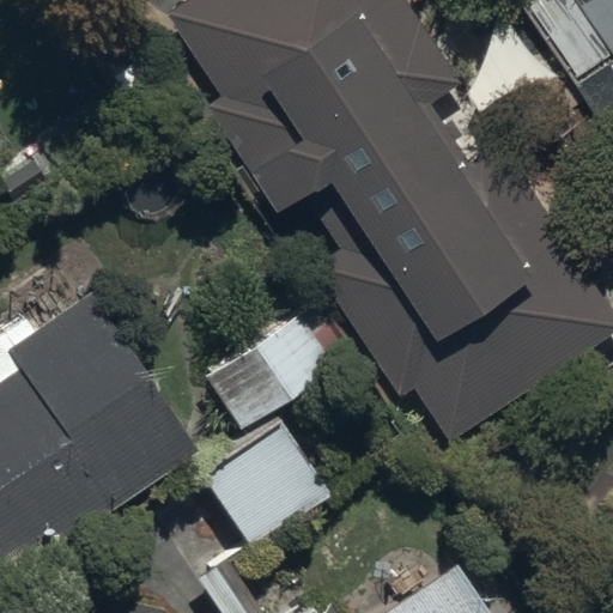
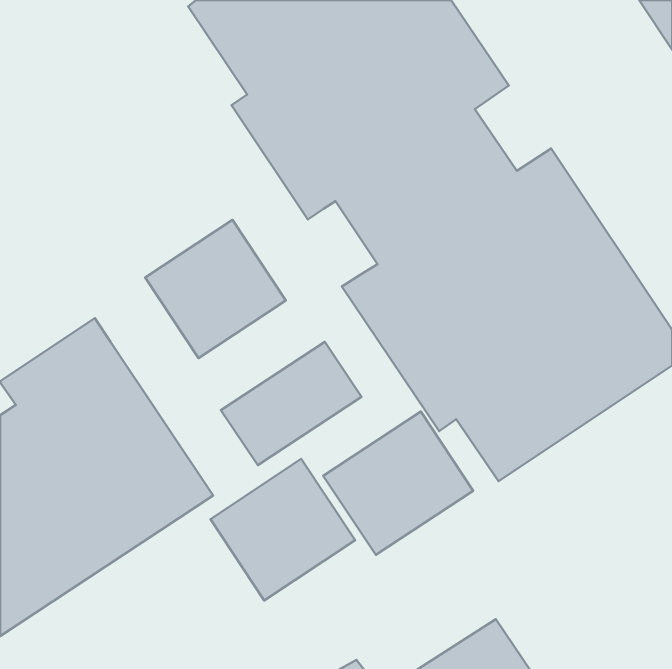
building: none -> [145,220,286,358]
building: none -> [323,412,473,555]

